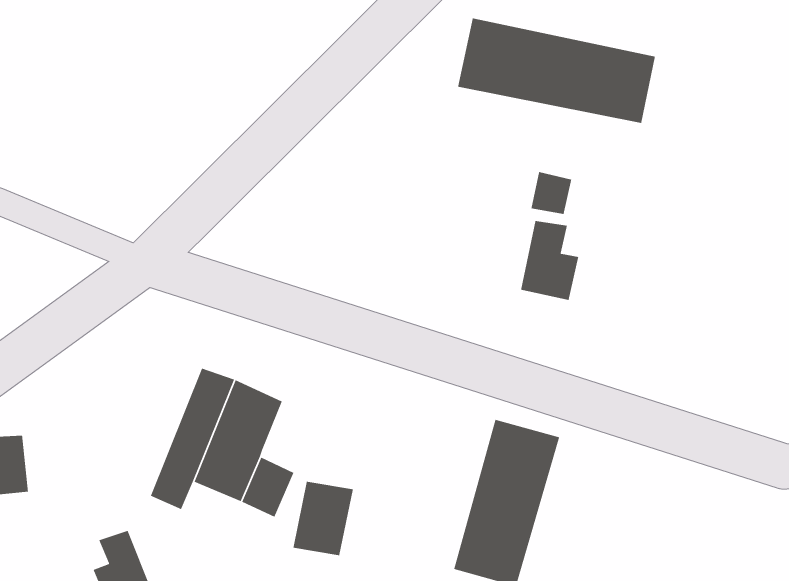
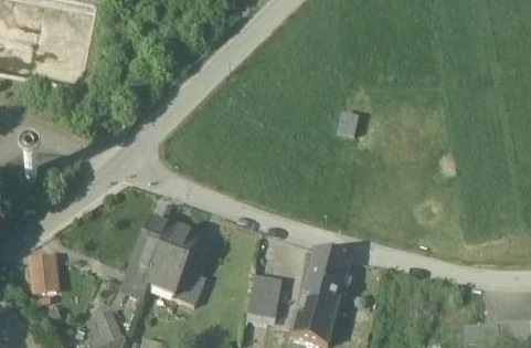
building: [457,18,656,124] -> none
building: [520,220,579,301] -> none
building: [292,481,354,556] -> [248,274,283,316]

